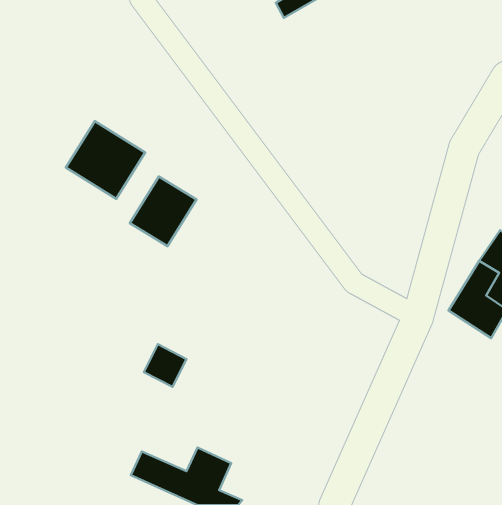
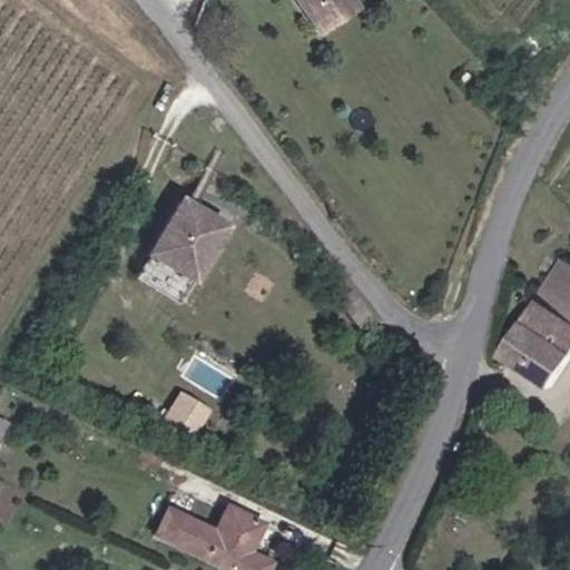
building: [66,121,145,199] -> none
building: none -> [139,250,194,295]

